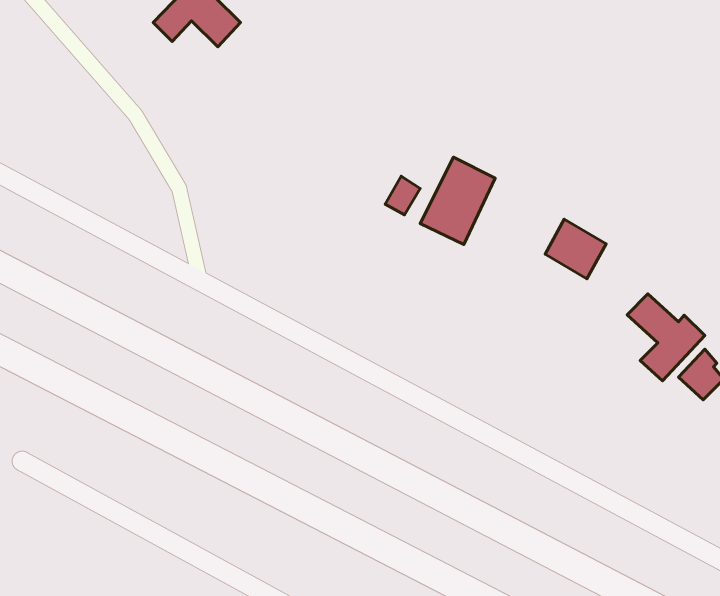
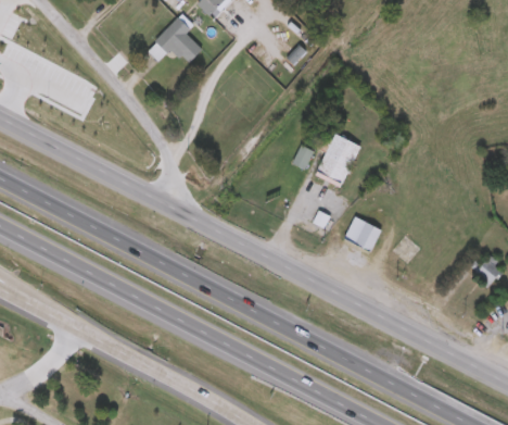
building: [545,219,606,279] -> [344,215,382,252]
building: [627,294,705,381] -> none

